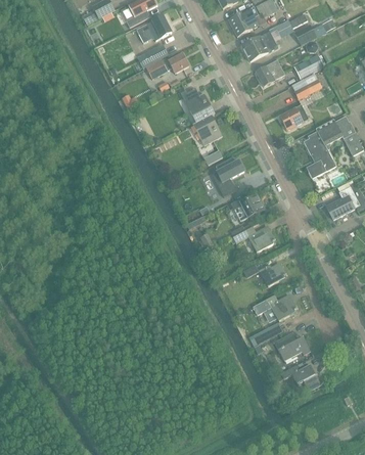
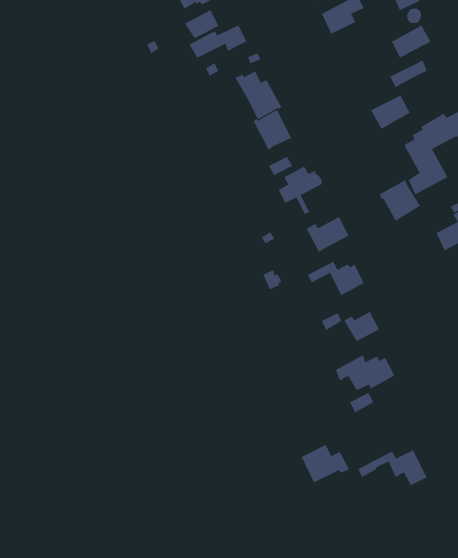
building: [256,59,283,84] -> none
building: none -> [379,179,421,222]
building: [273,331,309,360] -> [301,444,350,483]

